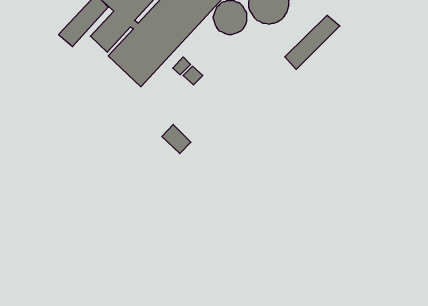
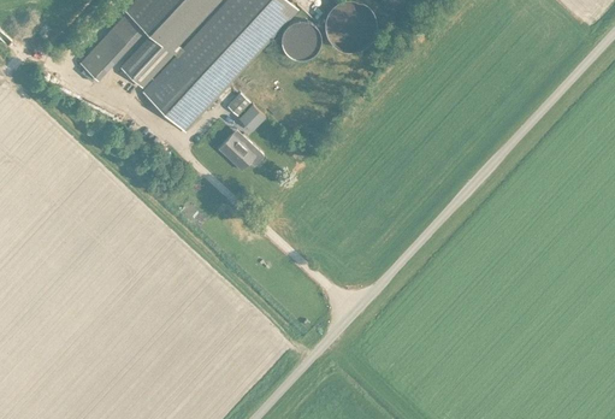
building: [285,15,340,69] -> none
building: [162,124,191,154] -> [217,132,254,170]

